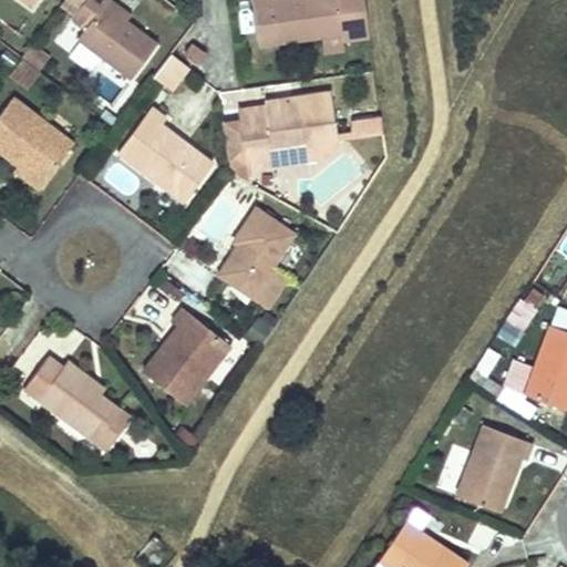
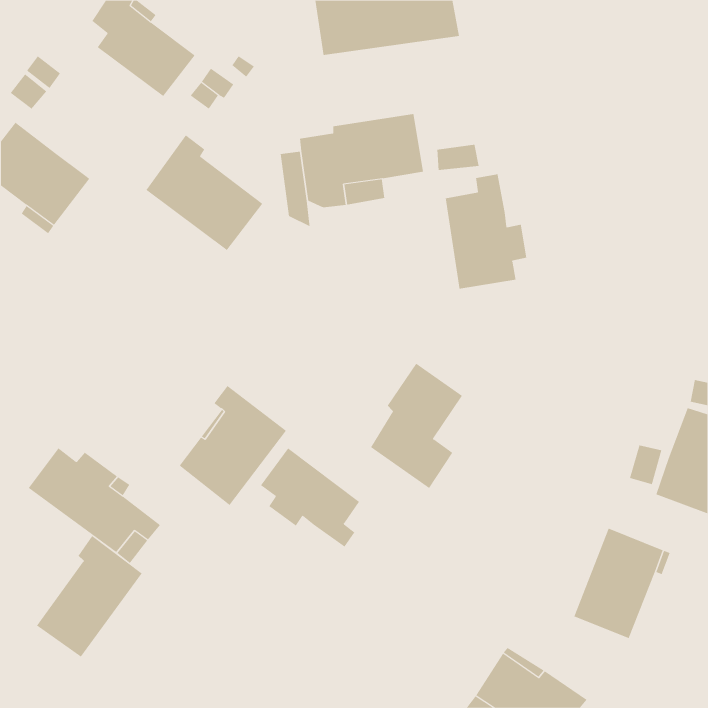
building: none -> [445,173,527,290]
building: [220,206,295,307] -> [370,363,463,489]
building: none -> [260,447,360,548]
building: none -> [36,535,143,657]

